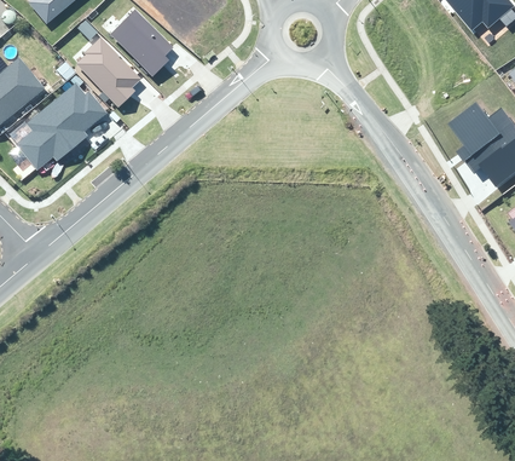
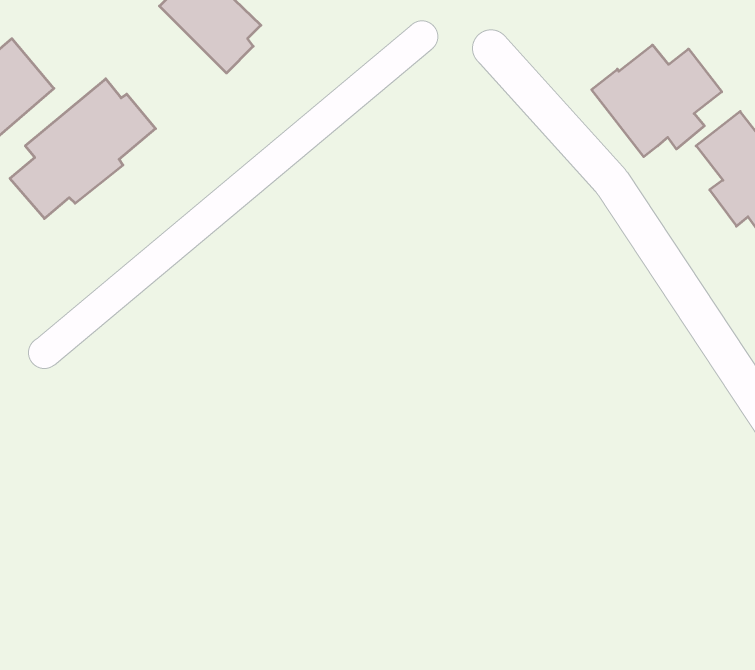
building: [76,39,143,116] -> none
building: none -> [592,45,722,157]

